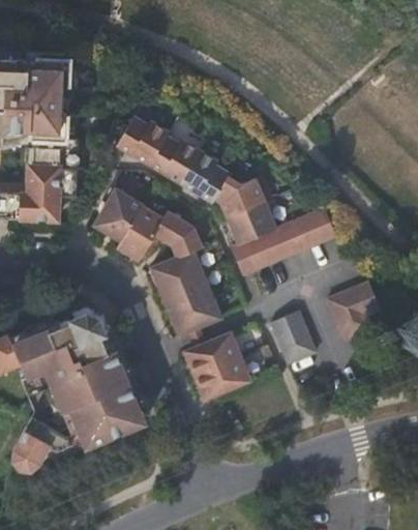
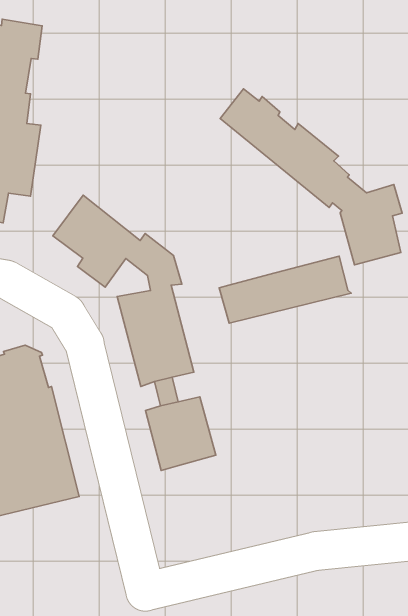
building: [119,117,275,244] -> [220,89,402,265]
building: [325,284,379,342] -> none
building: [269,312,311,363] -> none

